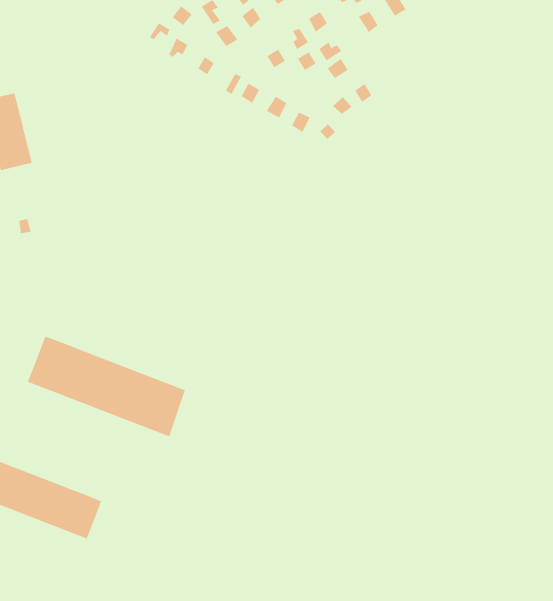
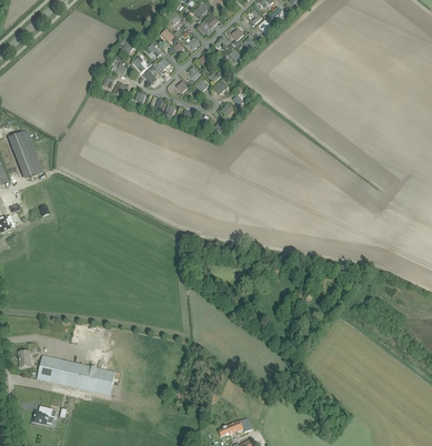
building: [27,336,186,437] -> none

